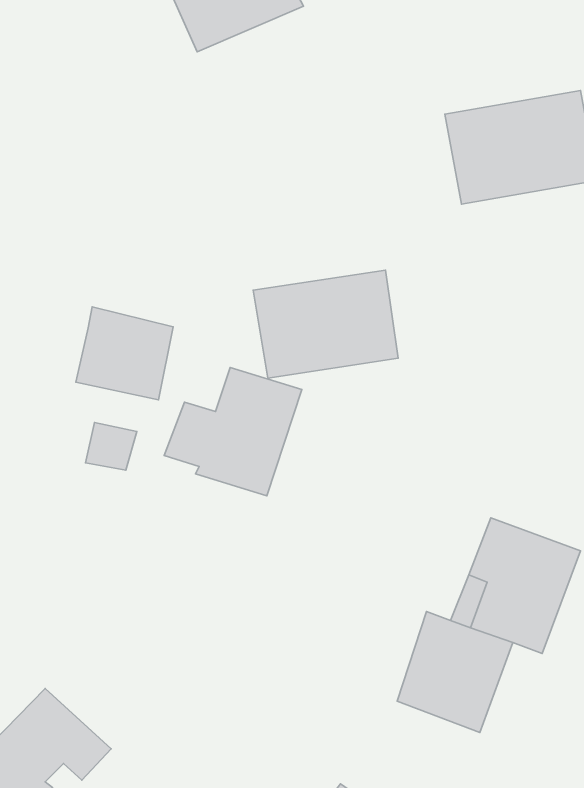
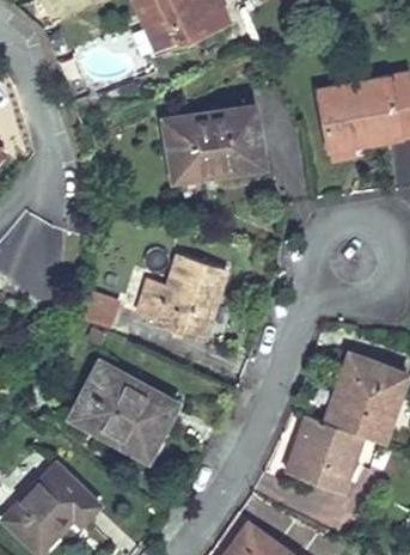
building: [253,270,398,378] -> [166,108,261,178]
building: [76,307,173,400] -> none
building: none -> [73,361,178,453]

